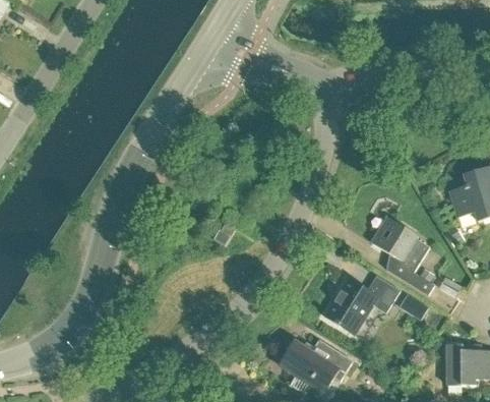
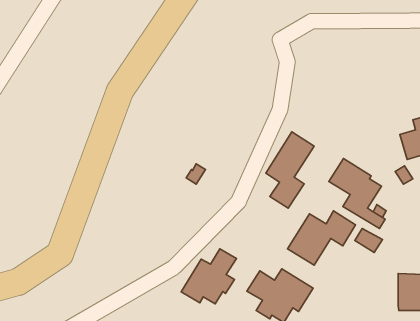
building: none -> [266,132,314,208]
building: none -> [181,249,236,304]

